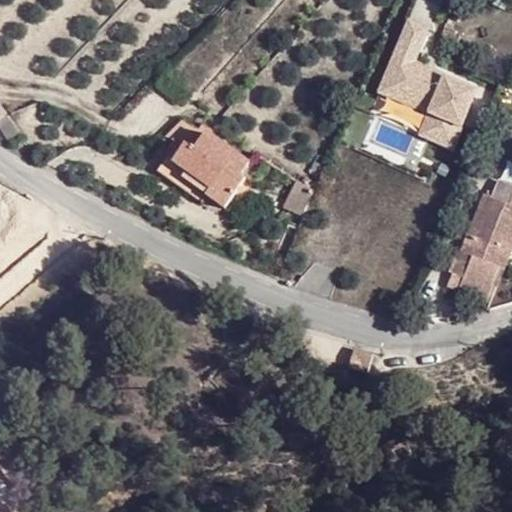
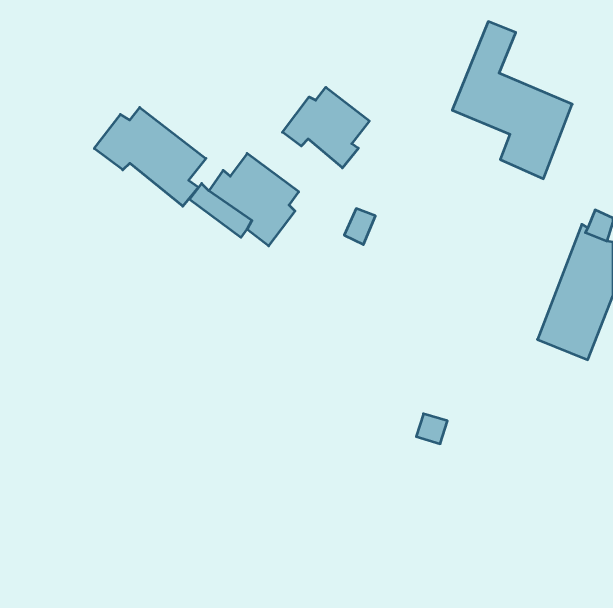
building: none -> [282,87,369,168]
building: none -> [94,107,206,206]

